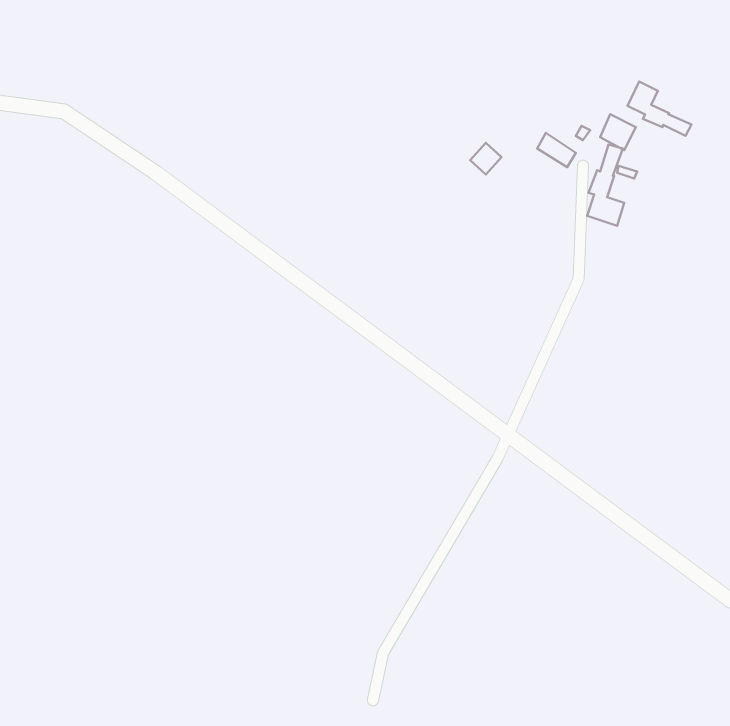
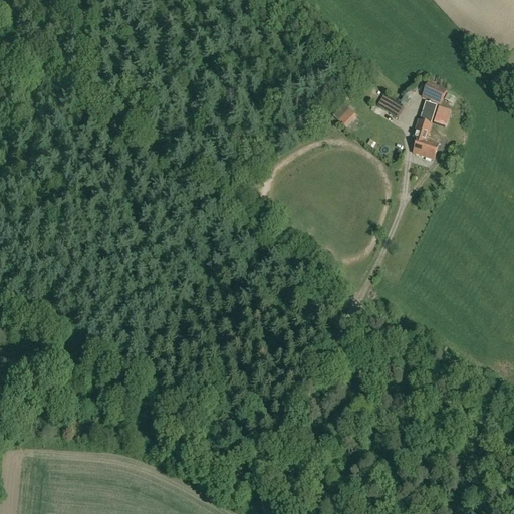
building: [627,81,691,136] -> none

